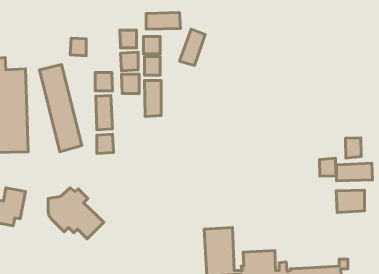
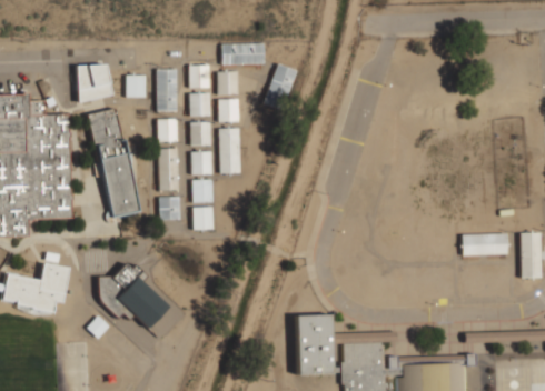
building: none -> [76,63,112,102]
building: none -> [156,69,177,111]
building: none -> [191,151,212,173]
building: none -> [191,179,212,202]
building: [346,138,361,158] -> none
building: none -> [192,208,214,230]
building: [319,158,336,176] -> none
building: [336,190,364,213] -> none

